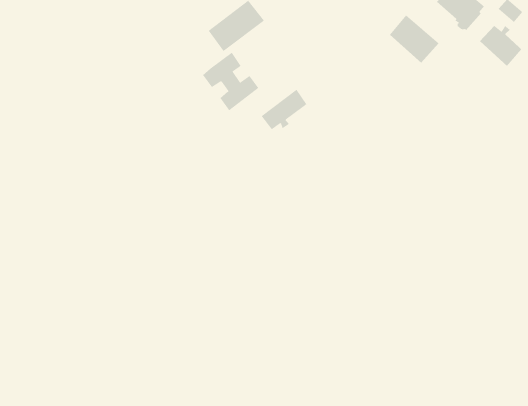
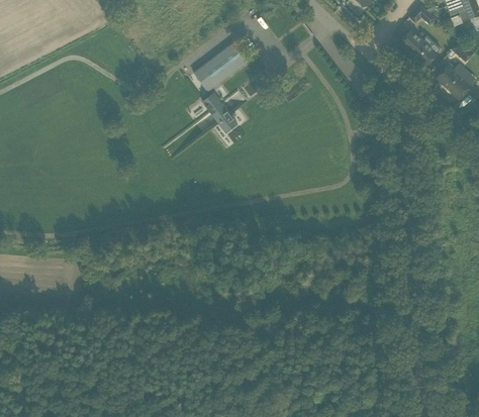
building: [389,15,439,64] -> none
building: [261,89,307,130] -> none

